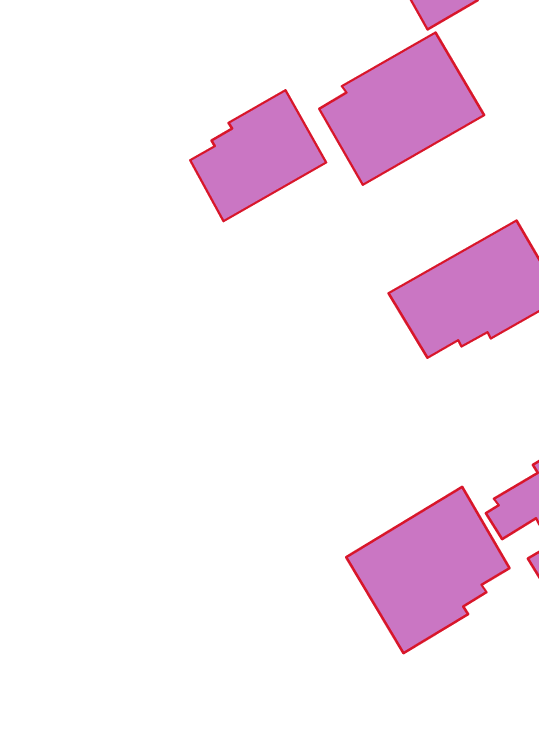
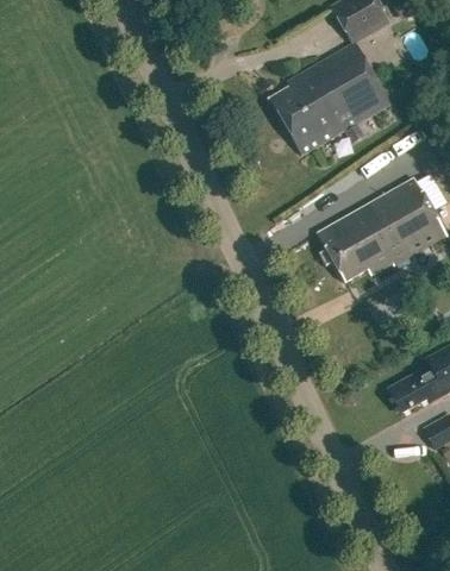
building: [190,90,326,221] -> none
building: [346,487,510,653] -> none

